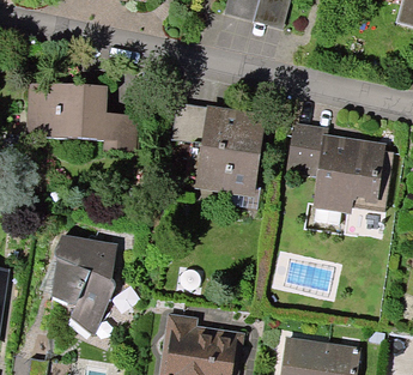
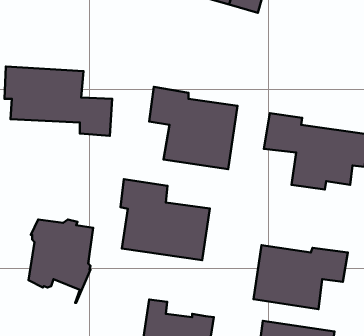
building: none -> [121,179,210,260]
building: none -> [254,245,348,309]

